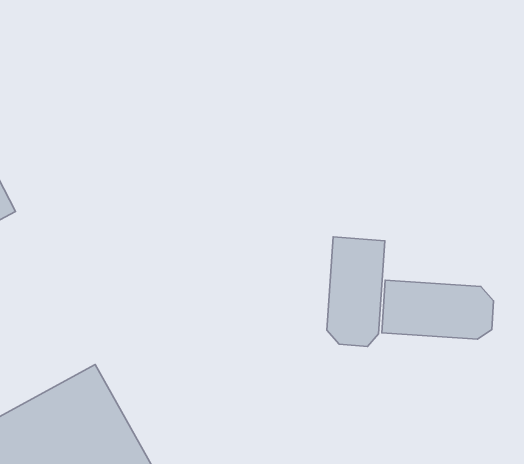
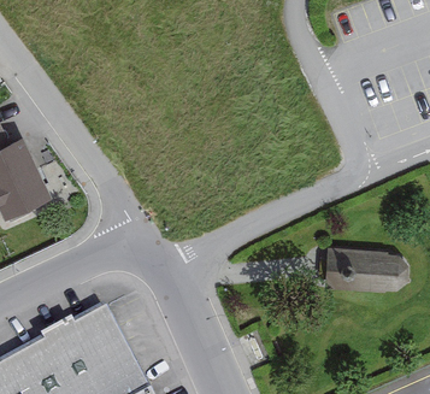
building: [327,237,385,346] -> none

